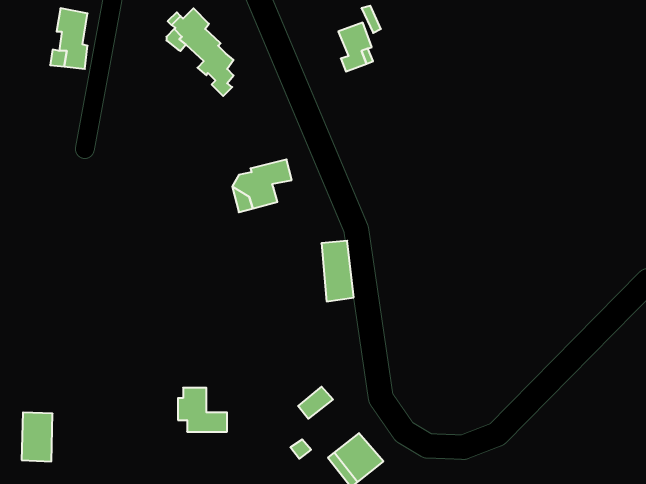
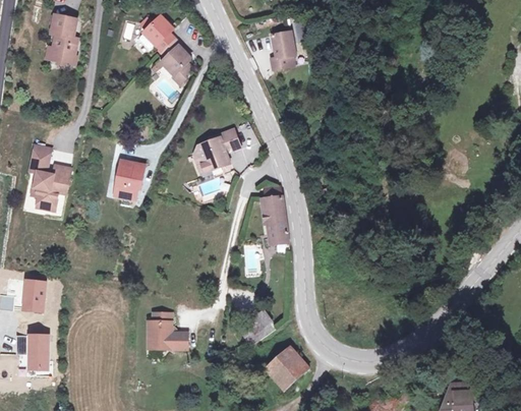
building: none -> [30,146,71,211]
building: none -> [112,160,144,197]
building: none -> [18,279,46,313]

